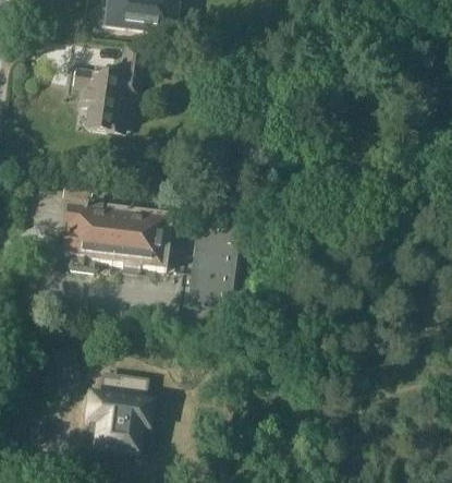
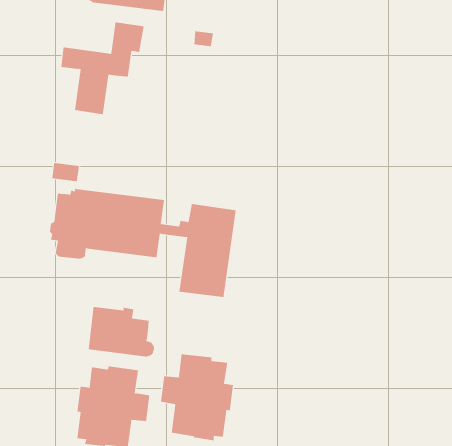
building: none -> [88,306,155,358]
building: none -> [160,353,234,441]

